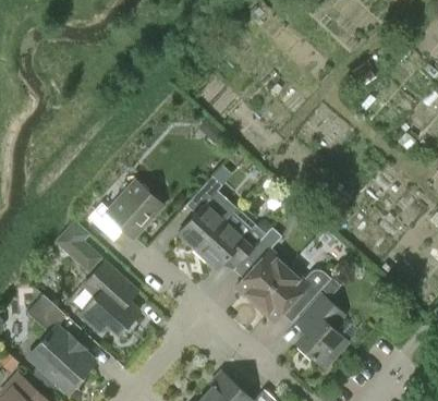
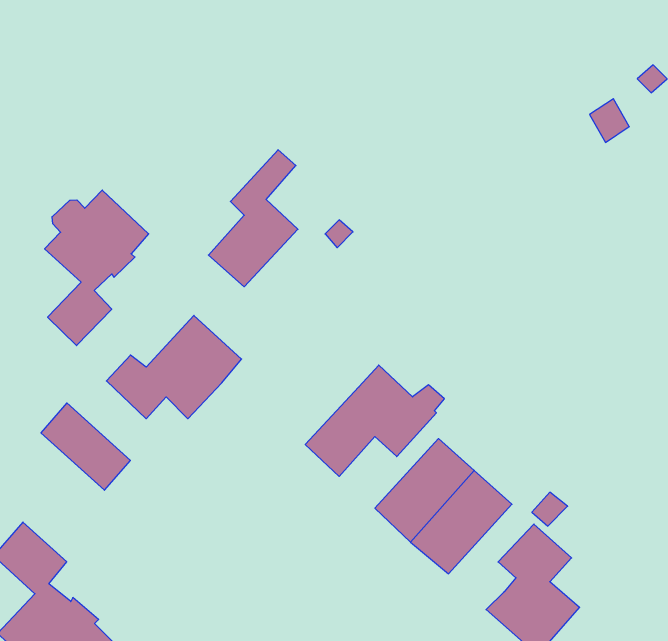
building: none -> [45,190,149,346]
building: [178,177,227,252] -> [208,150,298,287]
building: [81,263,139,335] -> none

